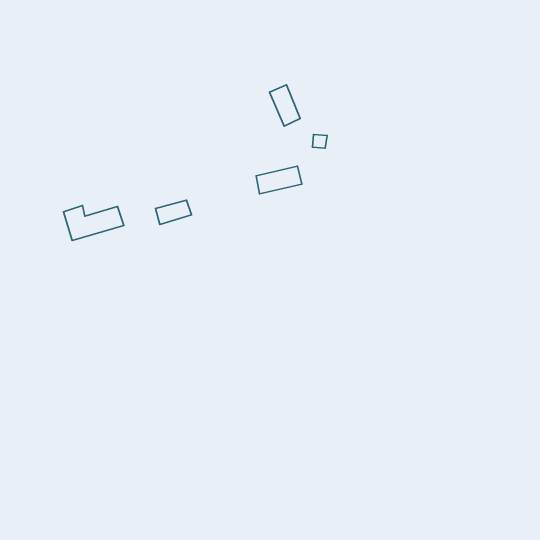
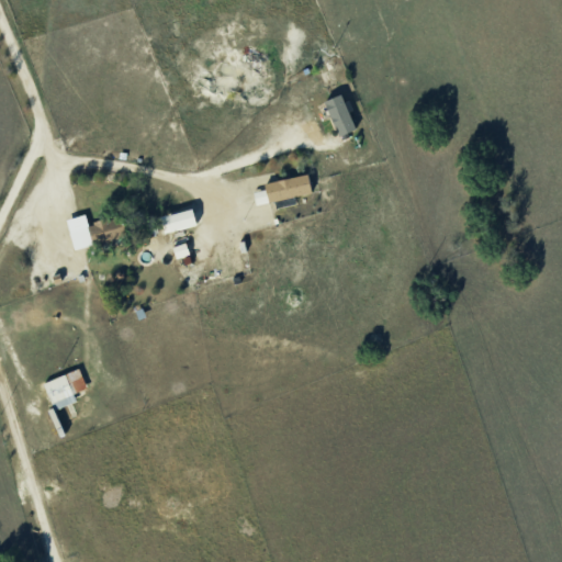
building: [269,85,300,126] -> [325,94,357,137]
building: none -> [43,368,87,411]

